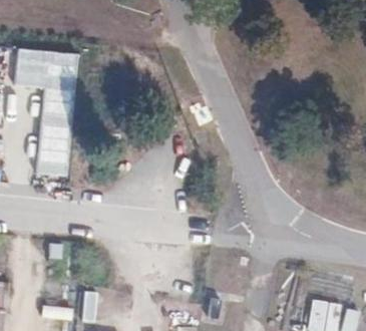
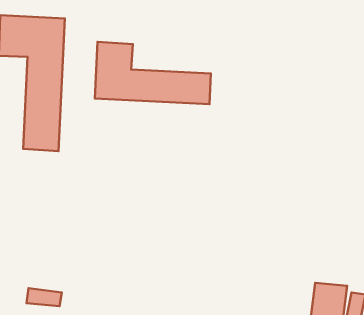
building: none -> [95,42,211,104]

